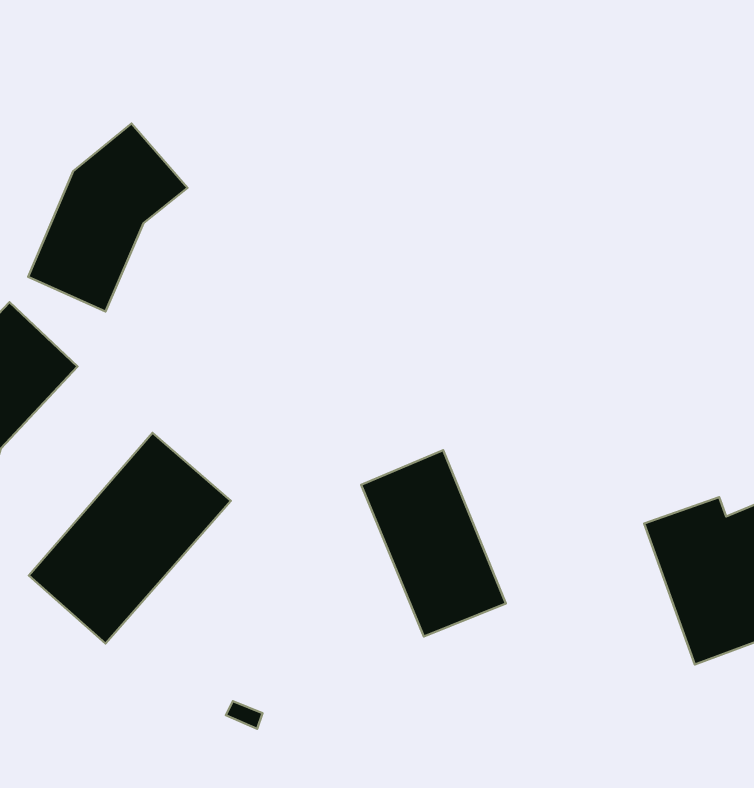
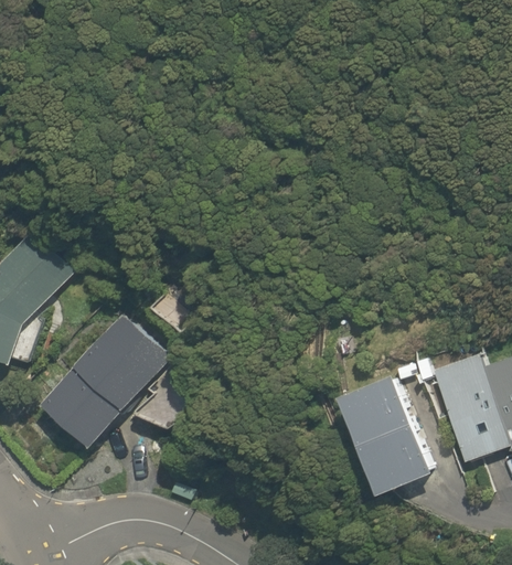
building: [28,123,187,311] -> none
building: [361,450,506,637] -> [340,375,431,493]

